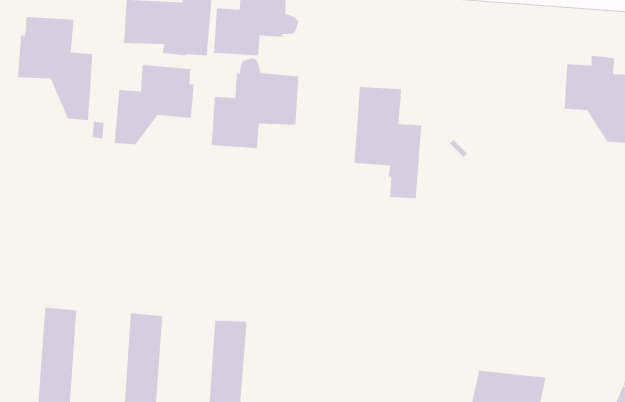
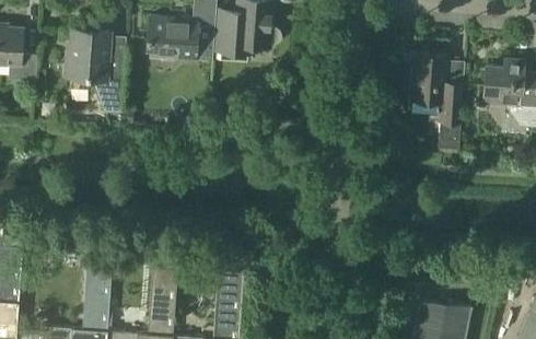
building: [211,58,299,149] -> none
building: [114,64,194,145] -> none
building: [353,86,422,199] -> [410,54,463,140]

